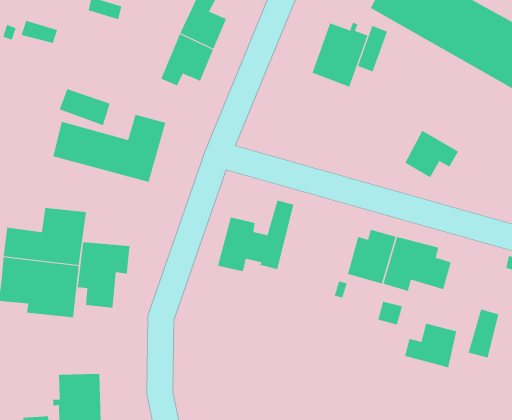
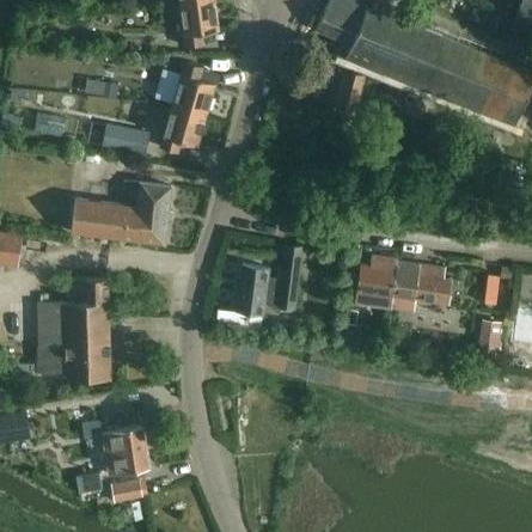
building: [312,22,368,87] -> none
building: [59,89,110,126] -> [102,124,148,154]
building: [405,130,459,178] -> none
building: [77,242,130,308] -> none
building: [405,323,457,368] -> none

